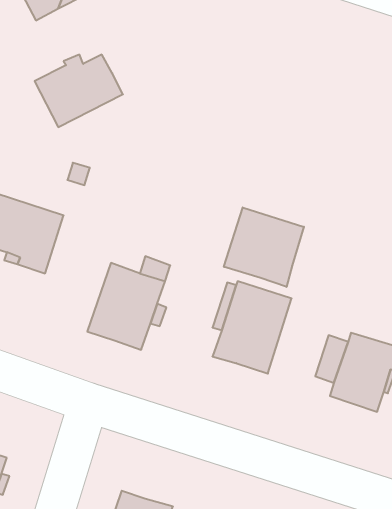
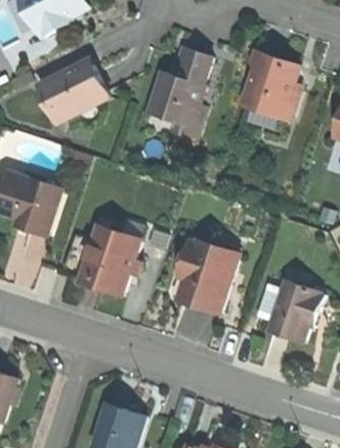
building: none -> [146,47,211,129]
building: none -> [242,52,298,120]
building: [224,207,304,287] -> none

